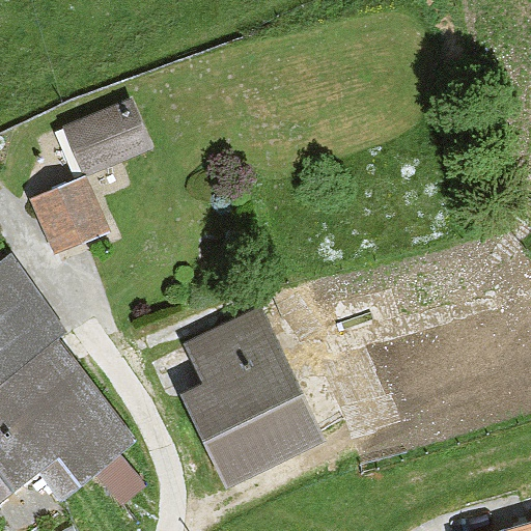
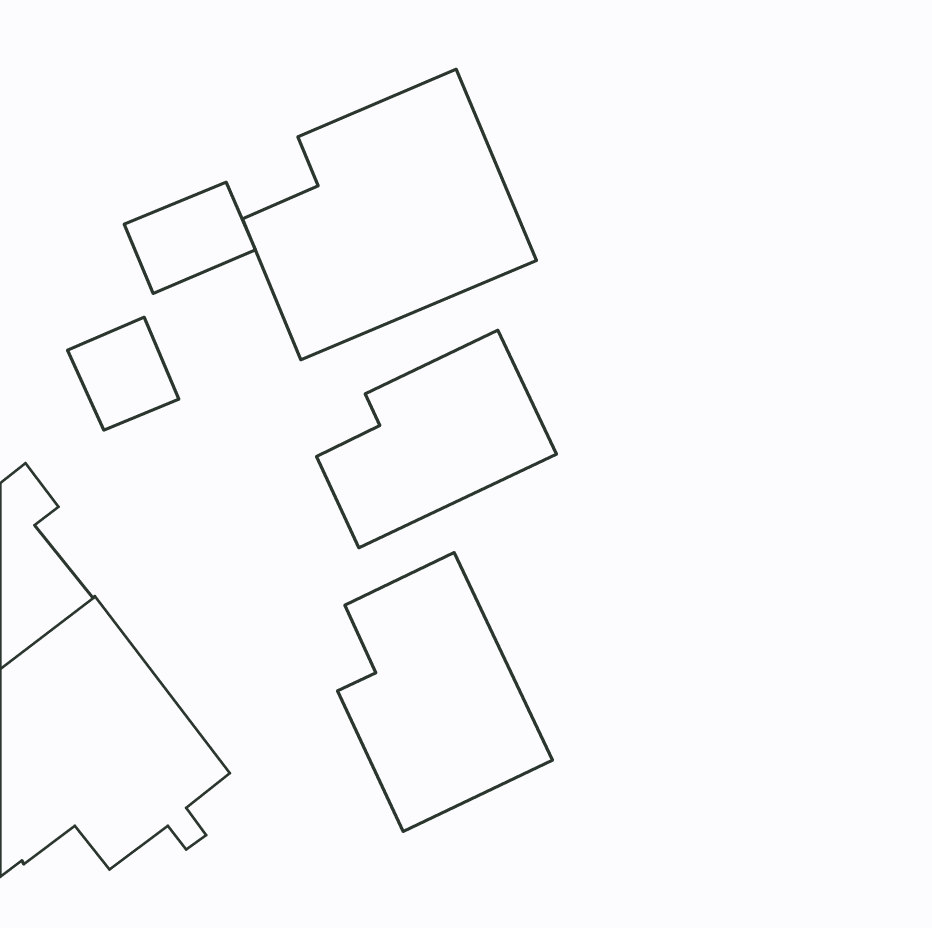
building: none -> [243,69,537,360]
building: none -> [316,330,556,548]

